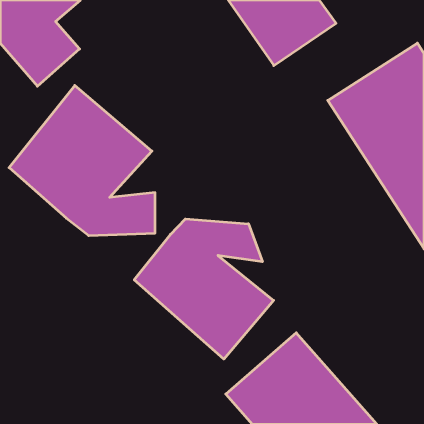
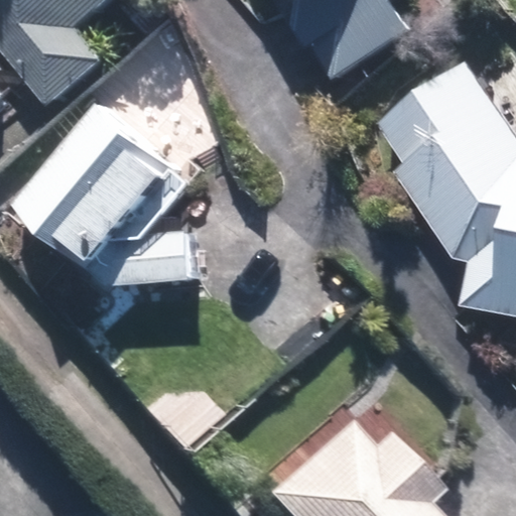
building: [134,219,274,359] -> none

